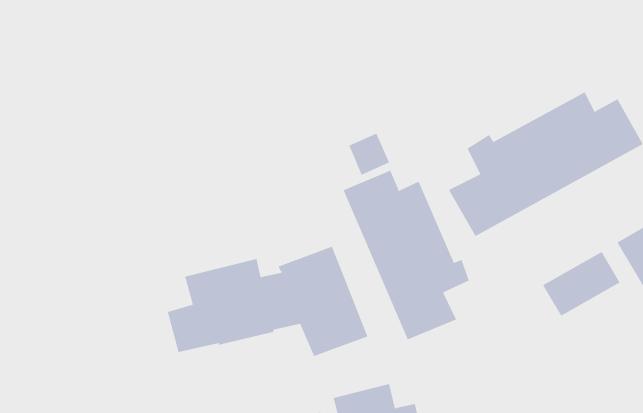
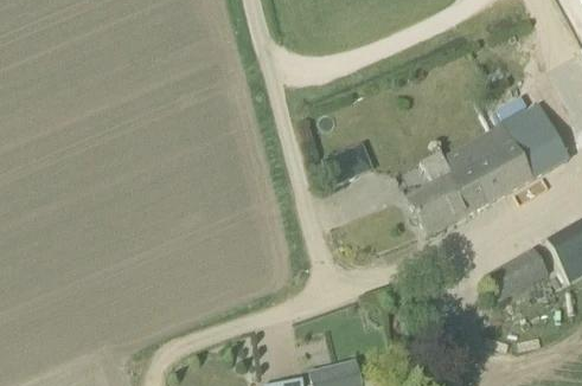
building: [343,170,469,340] -> none
building: [167,246,368,357] -> none

